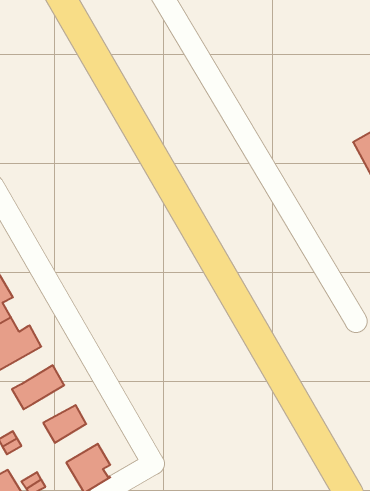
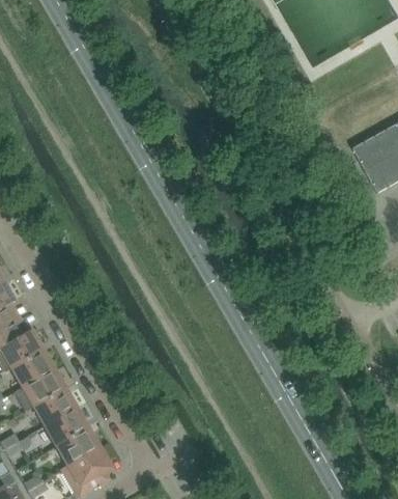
building: none -> [11,350,54,387]
building: none -> [34,388,77,425]
building: none -> [56,426,98,465]

